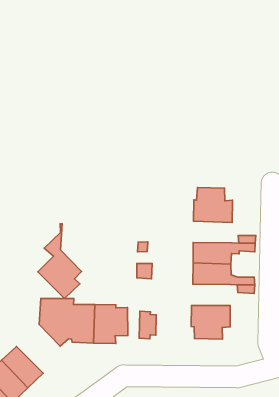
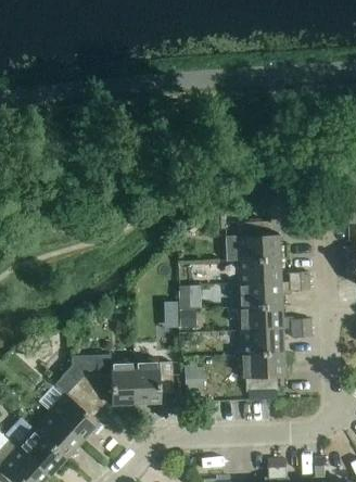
building: none -> [239,259,283,284]
building: [38,224,82,299] -> [49,357,98,441]
building: none -> [242,329,285,355]

